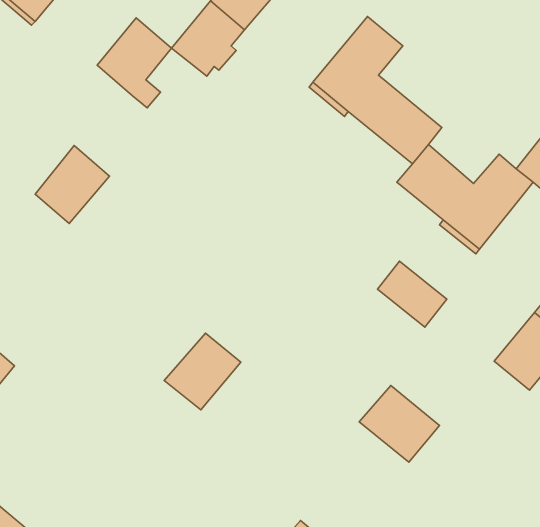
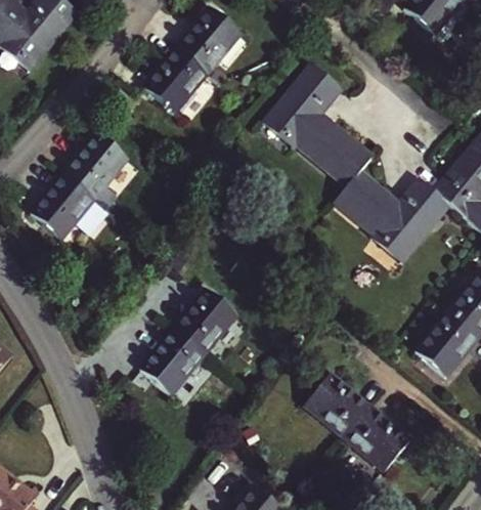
building: [97,18,171,108] -> [64,132,127,208]
building: [378,261,447,327] -> none
building: none -> [175,290,237,354]
building: none -> [346,408,410,471]

